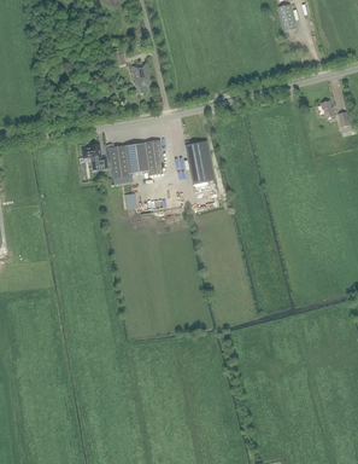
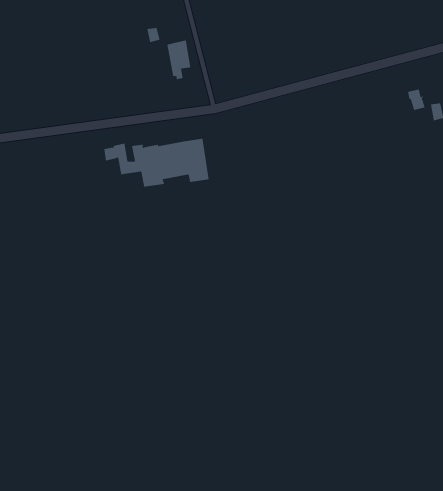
building: [186,140,215,184] -> none

